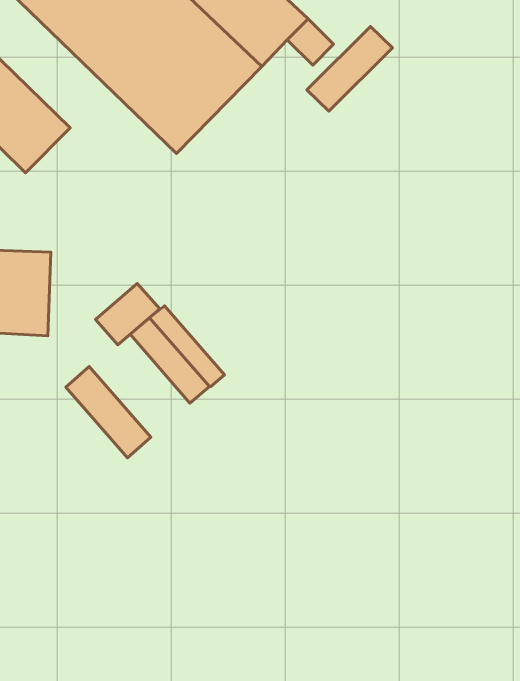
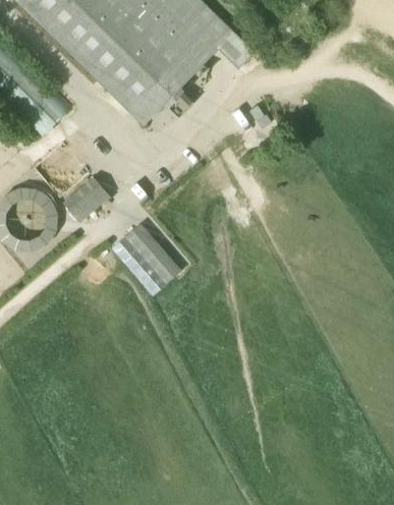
building: [307,26,392,111] -> none
building: [95,283,160,345] -> [64,178,108,220]
building: [66,366,151,458] -> none

